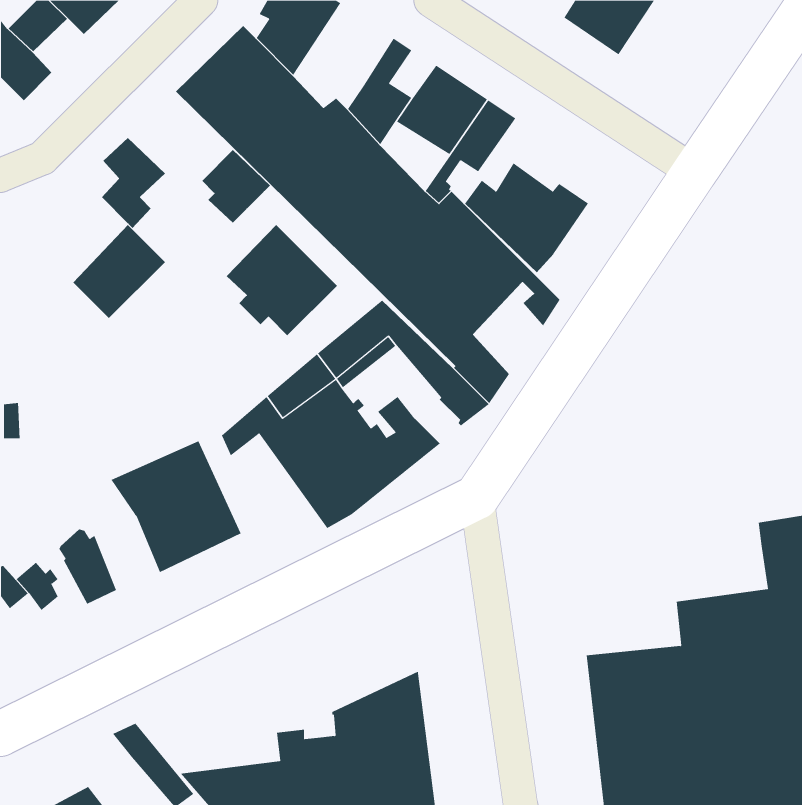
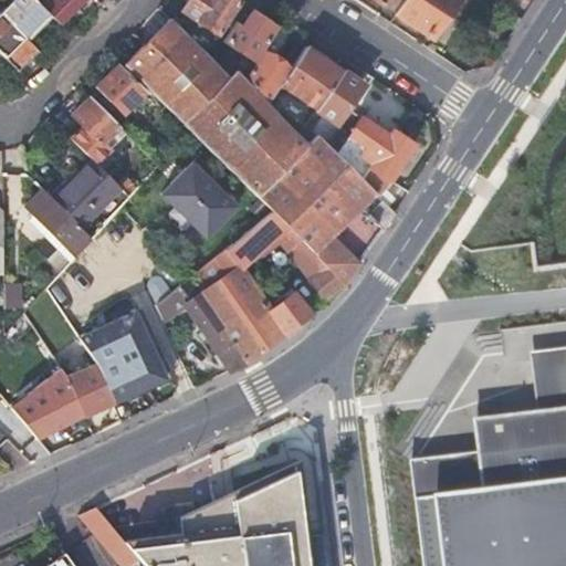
building: none -> [228,12,279,61]
building: [201,149,271,223] -> [99,64,148,116]
building: none -> [28,189,92,254]
building: none -> [69,361,115,416]

